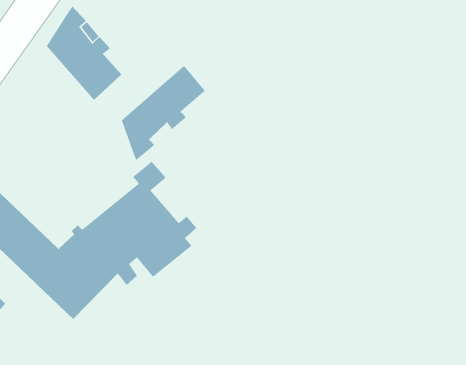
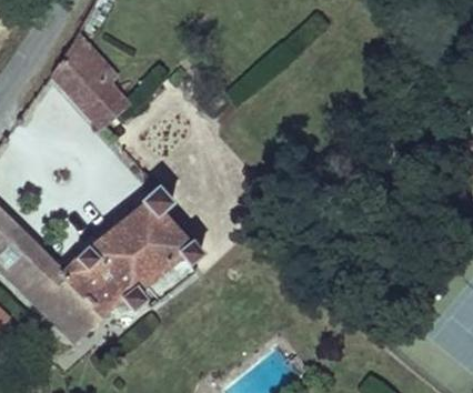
building: [121,65,206,161] -> none

